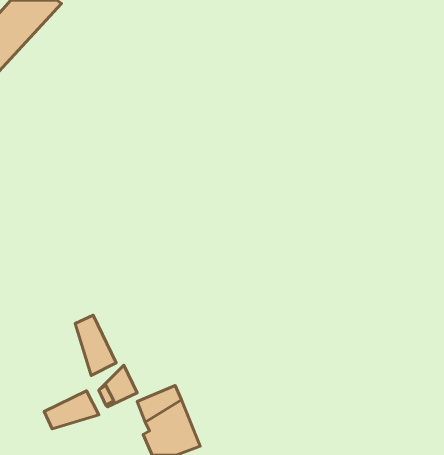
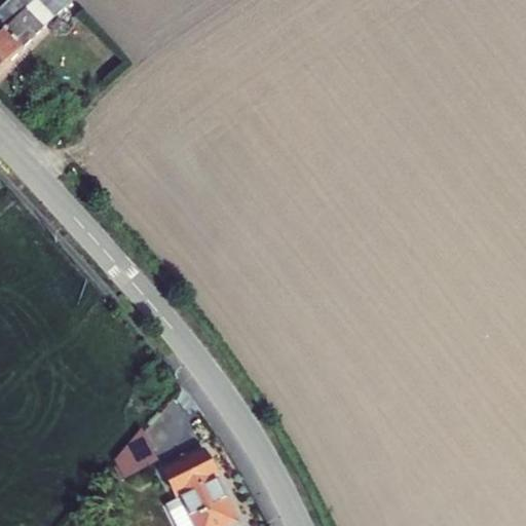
building: [75,315,116,376] -> none
building: [44,391,99,429] -> none

